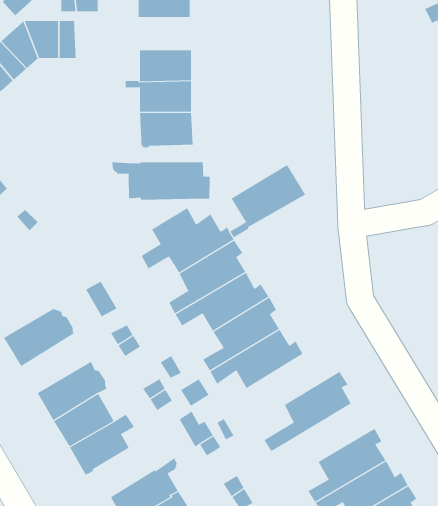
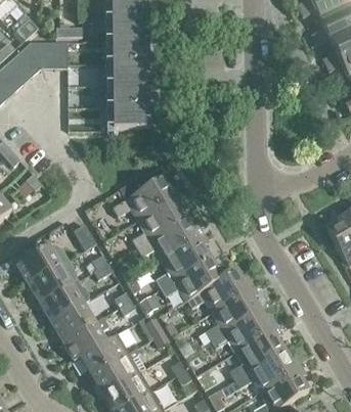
building: none -> [109,40,147,62]
building: [112,161,210,201] -> none
building: [230,164,306,238] -> none
building: none -> [28,261,77,303]
building: none -> [185,269,251,311]
building: none -> [210,310,275,351]
building: none -> [76,333,128,375]

